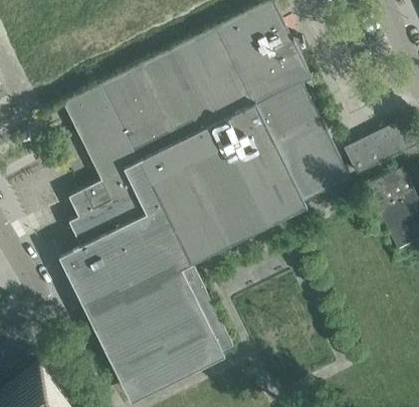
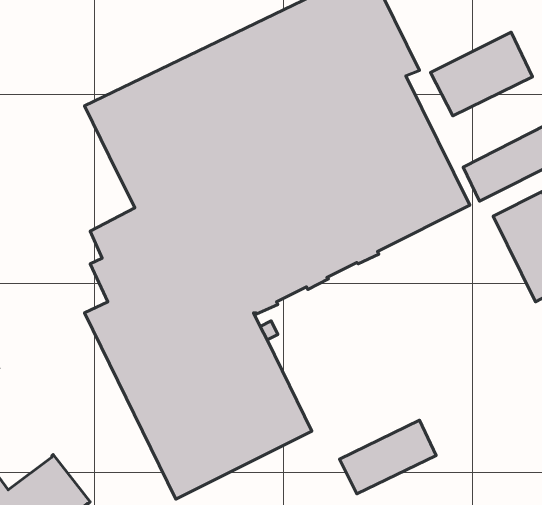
building: none -> [430,32,533,116]
building: none -> [339,420,436,494]

